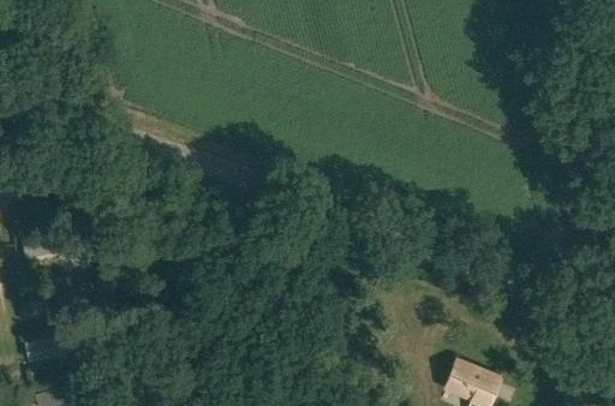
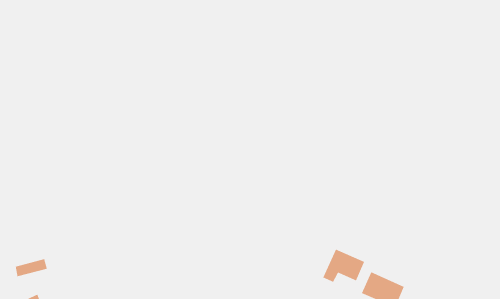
building: none -> [322,249,365,283]

